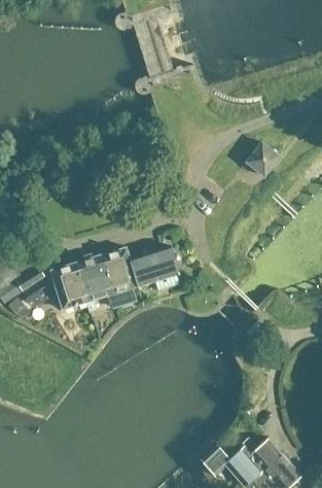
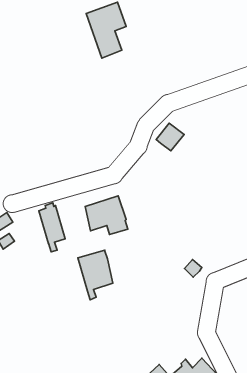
building: [246,143,279,176] -> [156,123,184,151]
building: [94,248,135,307] -> [78,250,113,300]
building: [49,264,85,310] -> none

